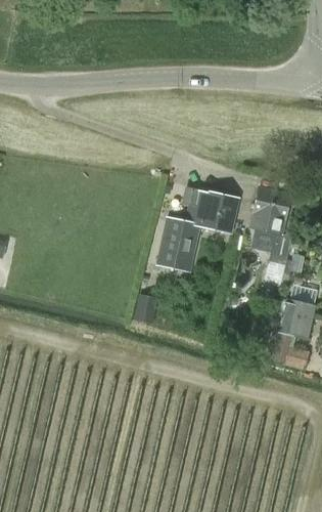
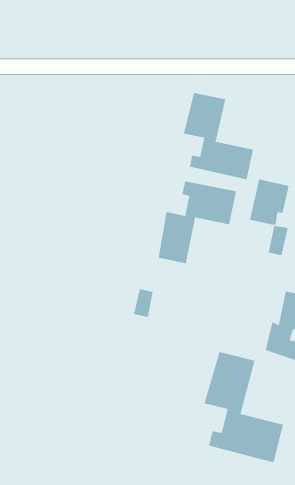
building: none -> [183,92,254,180]
building: none -> [204,351,284,463]

